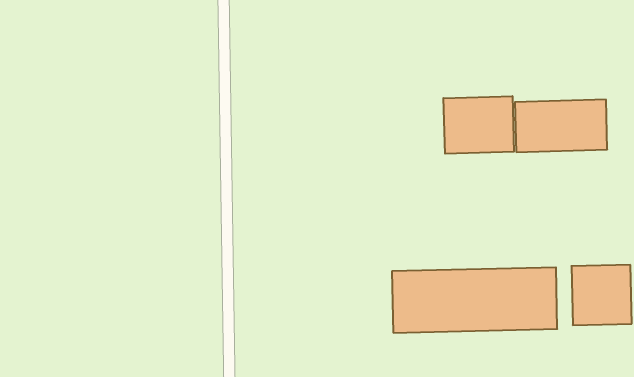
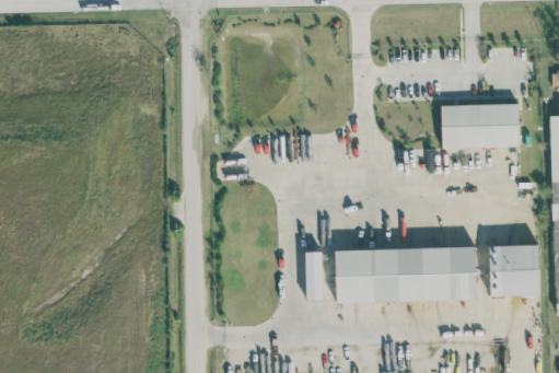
building: [443,96,514,154] -> none
building: none -> [305,252,324,301]

